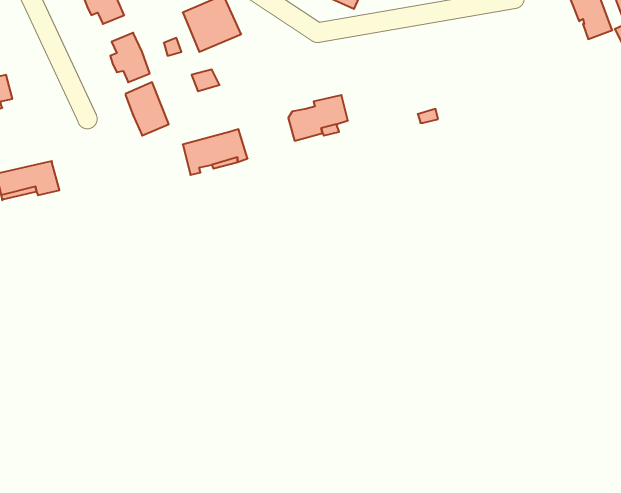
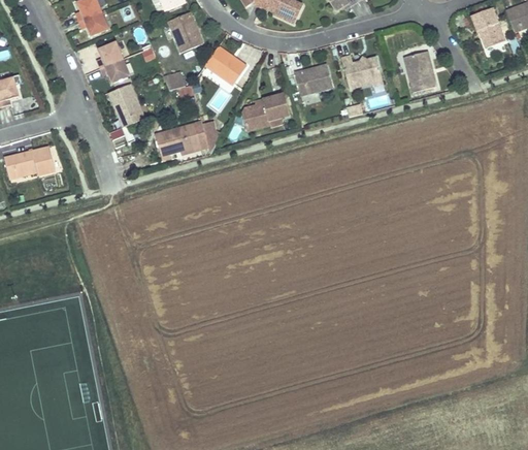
building: none -> [203,46,245,86]
building: none -> [404,51,436,92]
building: none -> [341,55,382,88]
building: none -> [295,63,333,95]

